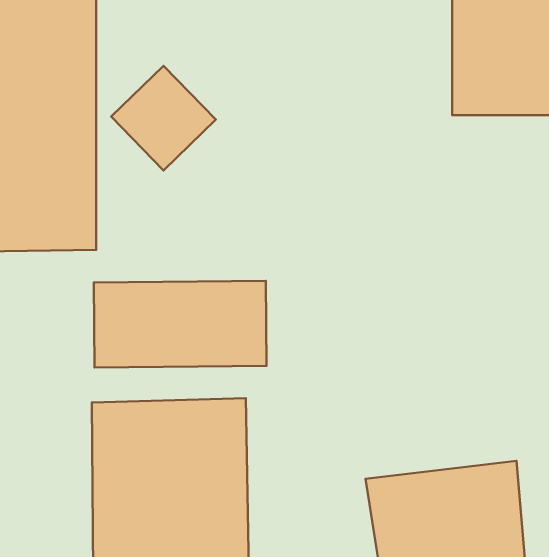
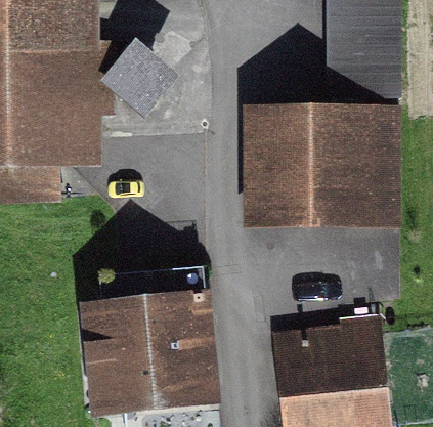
building: none -> [276,106,385,215]
building: [94,281,267,367] -> none

